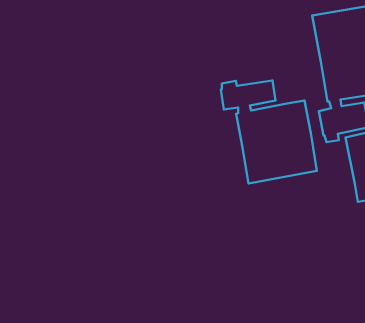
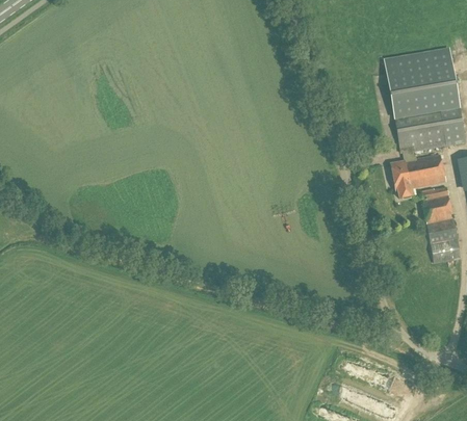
building: [221,80,317,184] -> none

